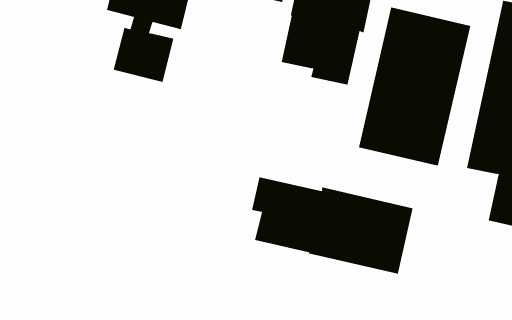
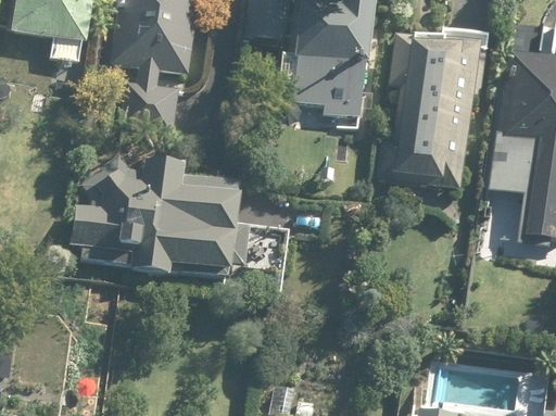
building: none -> [89,167,245,273]
building: [252,176,413,275] -> none

